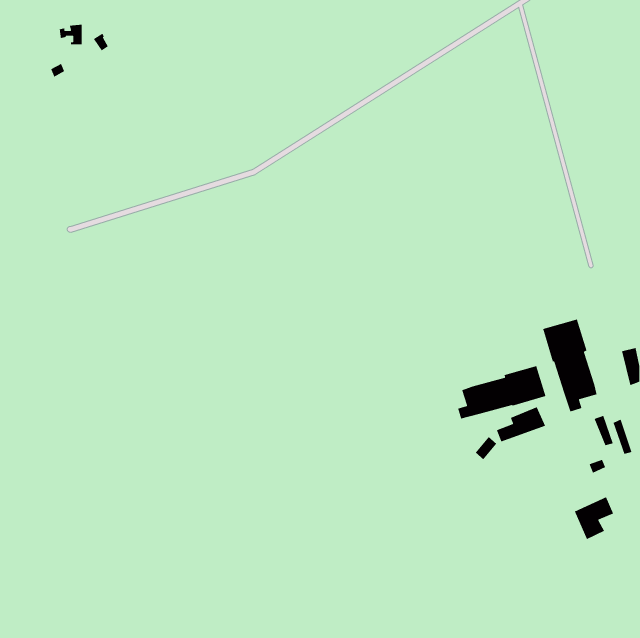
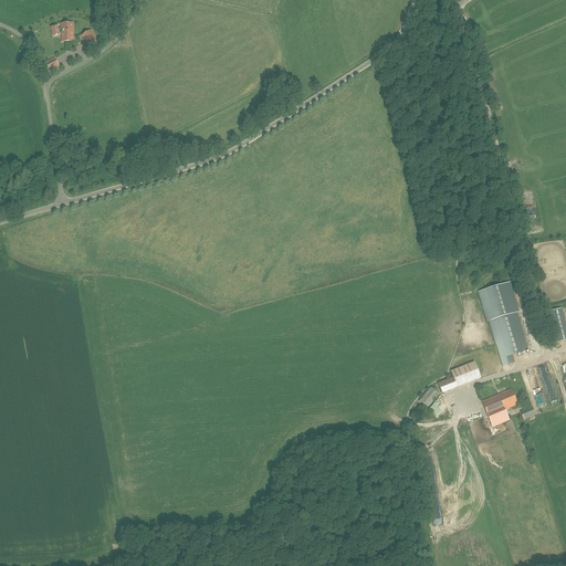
building: [457,365,547,420] -> none
building: [574,496,614,540] -> [482,387,517,426]

